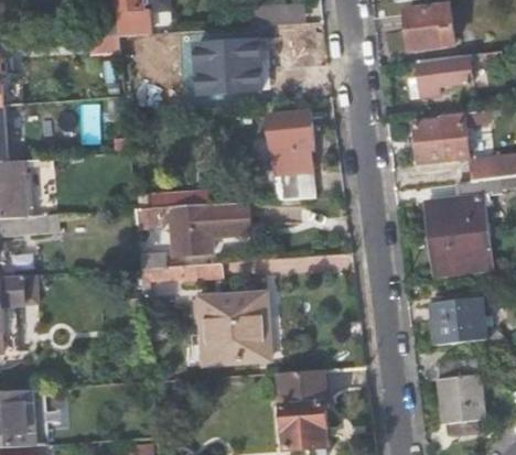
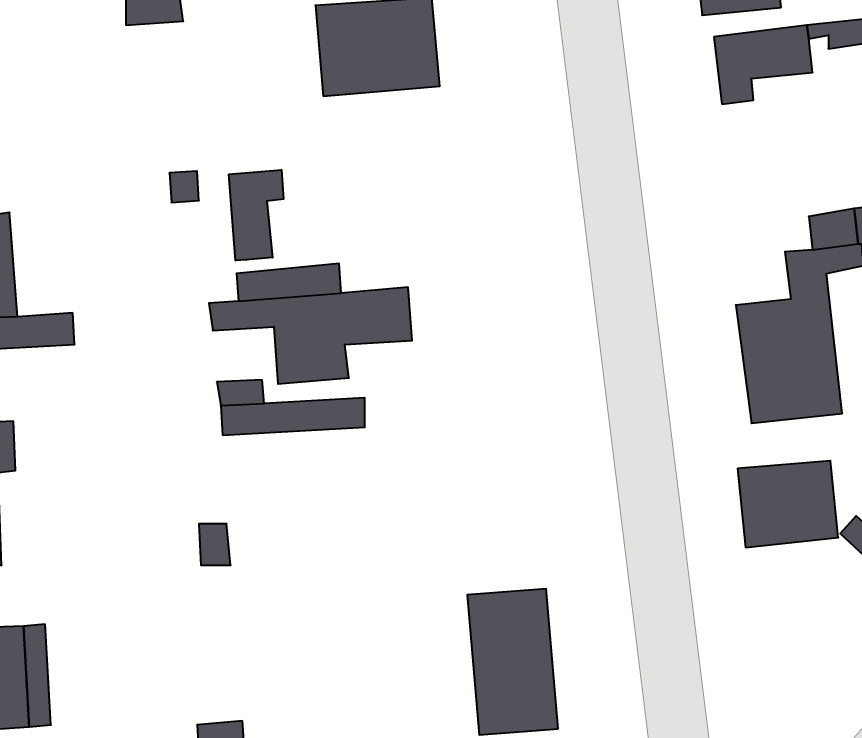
building: [268,110,316,198] -> none
building: [413,112,469,170] -> none
building: none -> [229,170,284,261]
building: [198,290,270,365] -> none
building: [438,357,483,434] -> none

